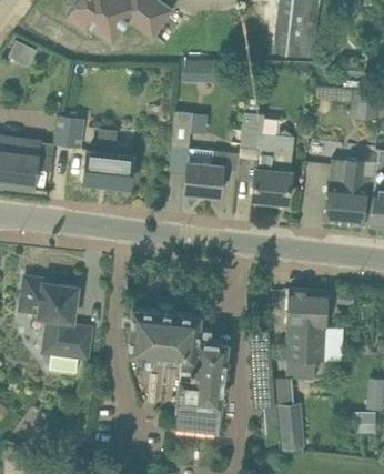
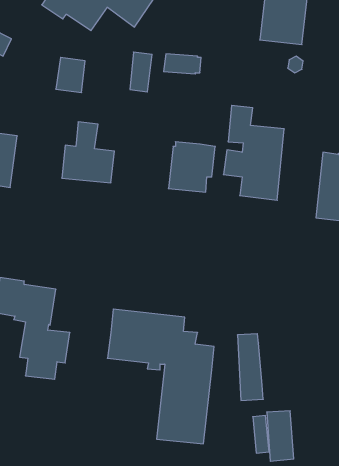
building: [172,110,193,148] -> [130,52,152,92]
building: [55,114,83,148] -> [56,57,85,93]
building: [286,289,329,381] -> none

